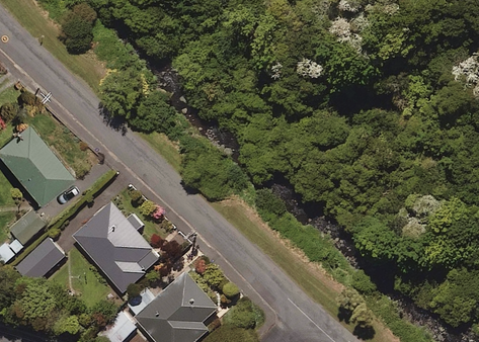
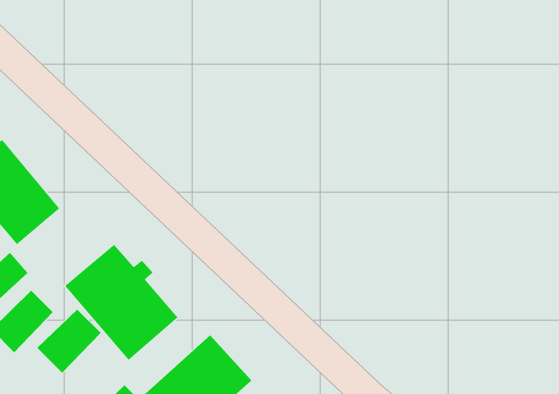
building: none -> [37,309,101,373]

